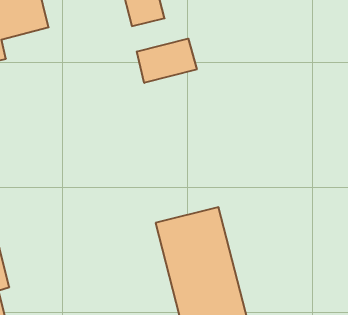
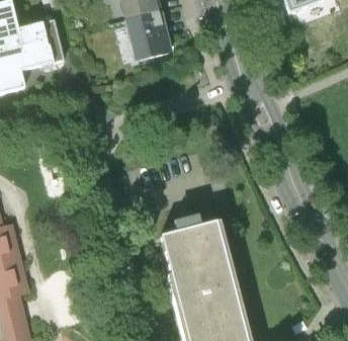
building: [137,39,197,83] -> none

